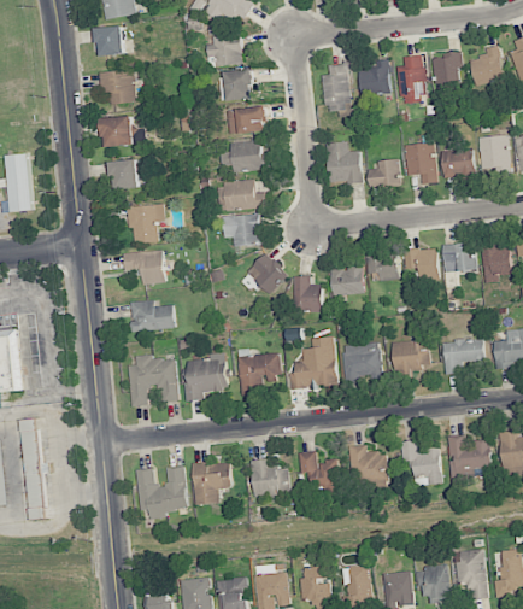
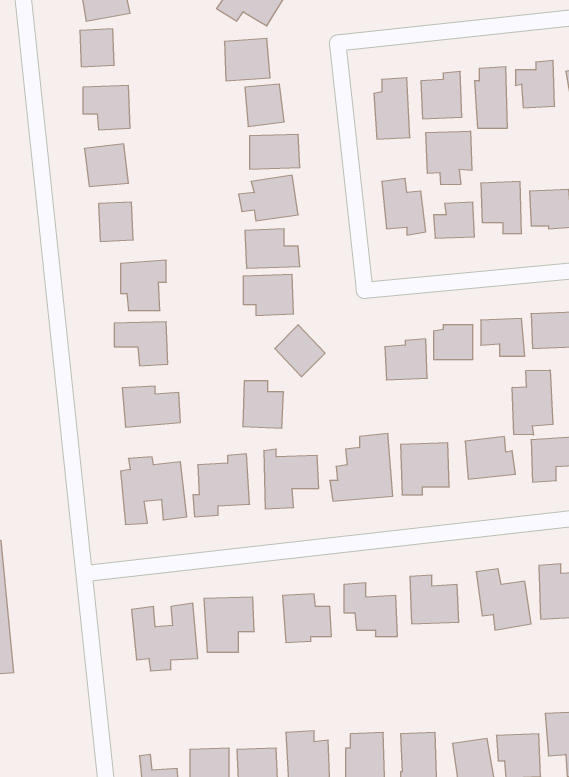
building: none -> [426,131,472,185]
building: [290,276,322,312] -> [243,381,284,428]
building: none -> [512,370,553,435]

